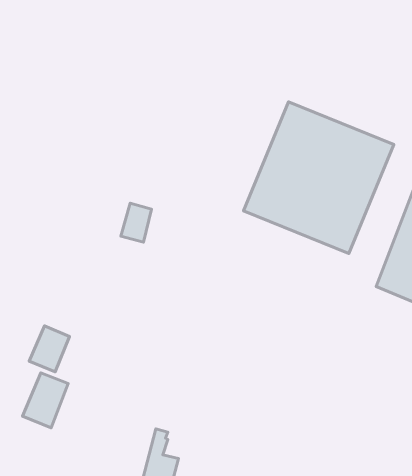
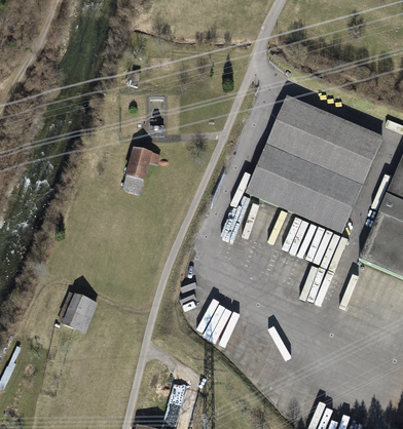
building: [121,203,152,242] -> [126,146,153,180]
building: [23,373,68,428] -> none

